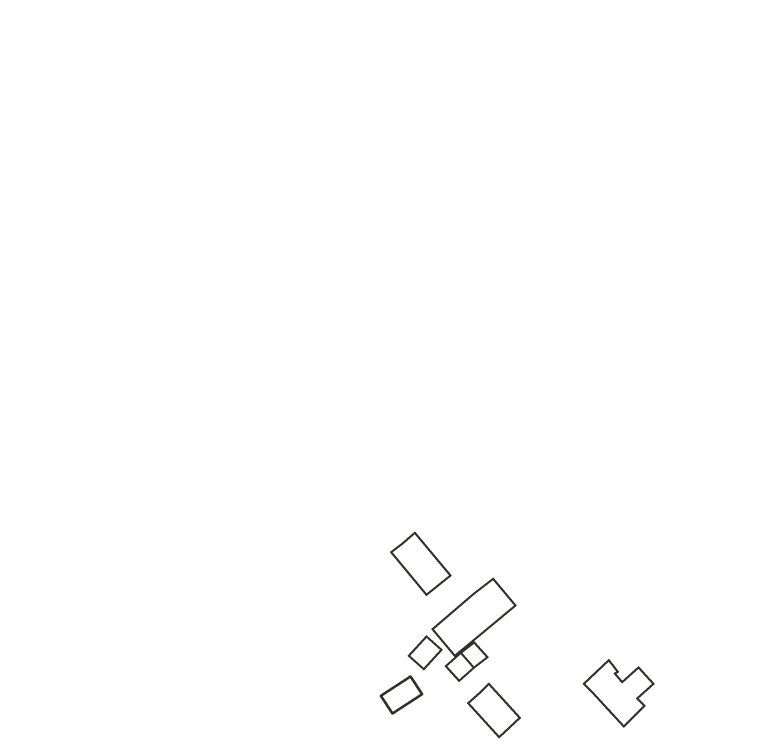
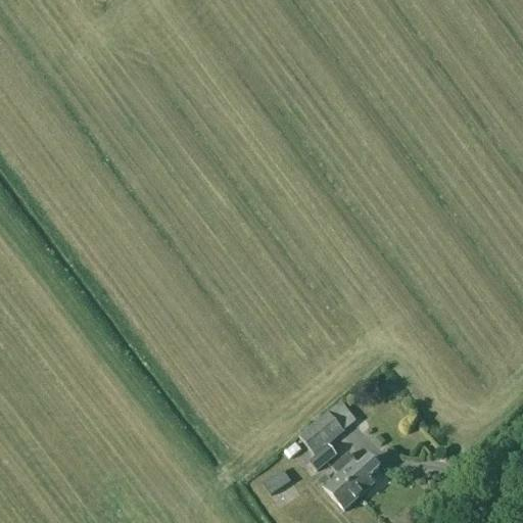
building: [391,533,450,595] -> none
building: [584,660,653,727] -> [331,449,379,495]

